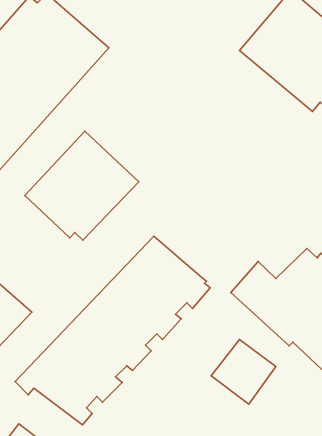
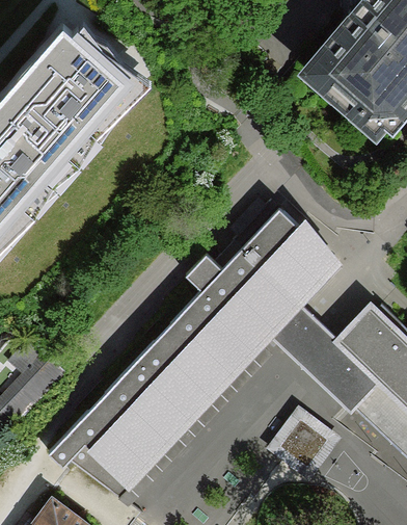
building: [25,131,139,240] -> none
building: none -> [186,205,341,351]

